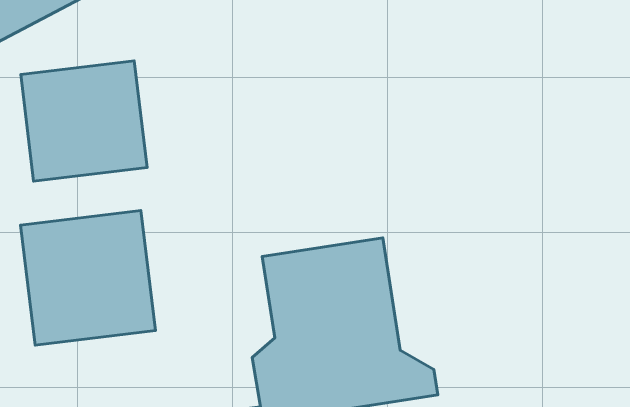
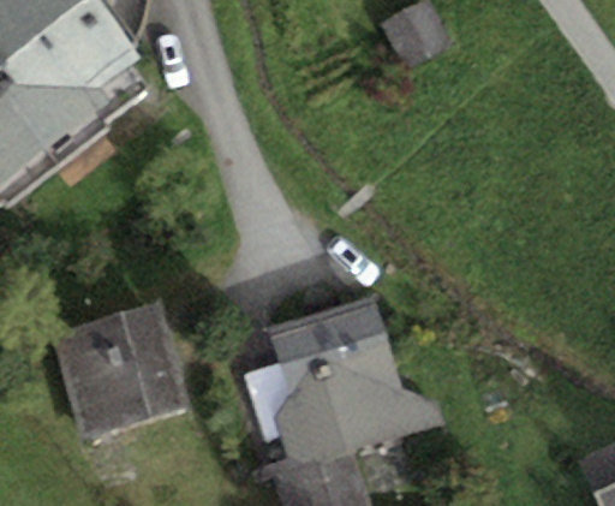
building: [21,61,147,181] -> none

